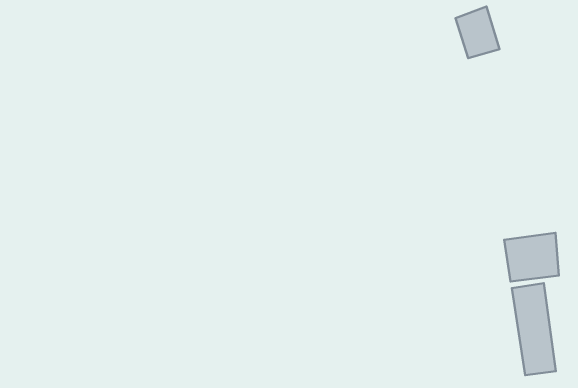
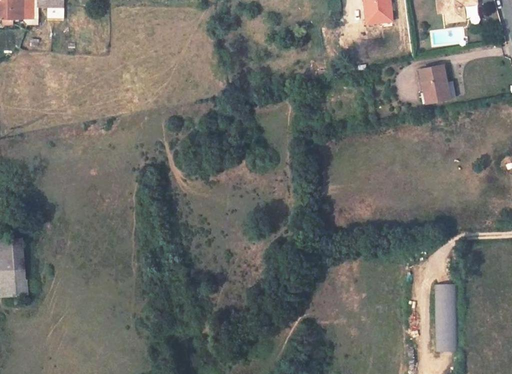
building: [504,233,559,281] -> none

